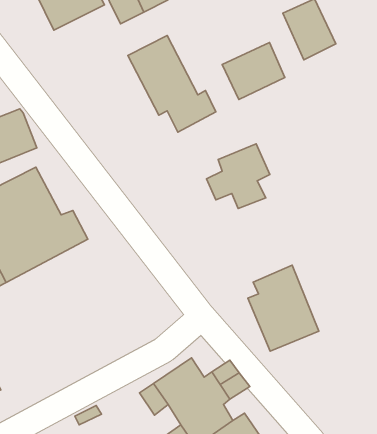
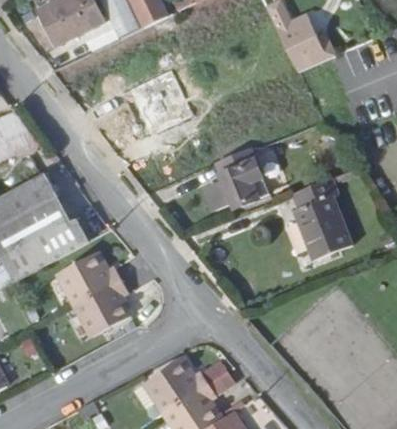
building: [222,43,285,99] -> none
building: none -> [49,251,126,344]
building: [248,265,319,351] -> [279,177,346,258]

